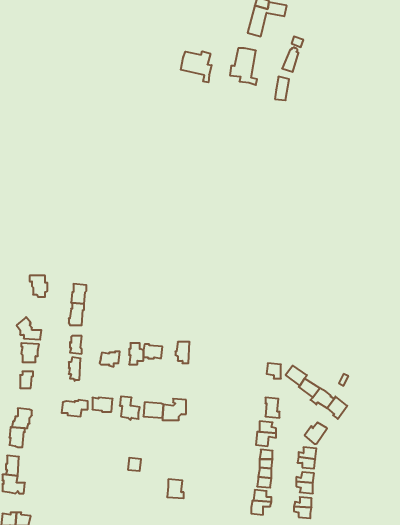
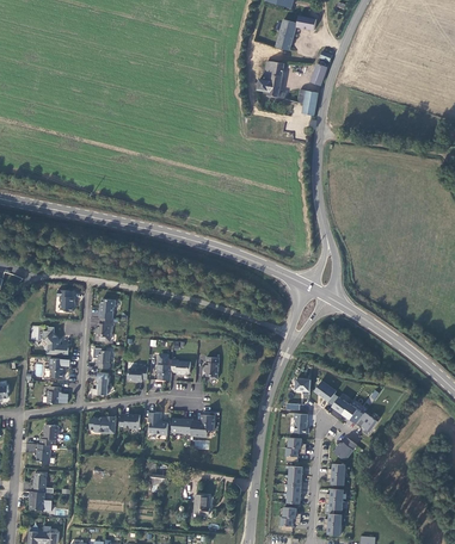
building: [181,51,212,82] -> none

